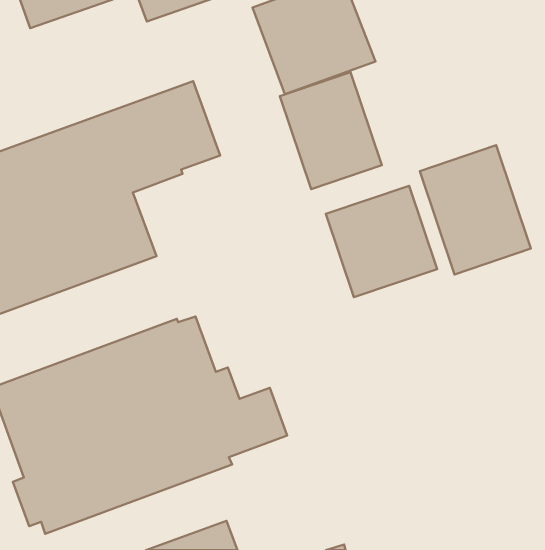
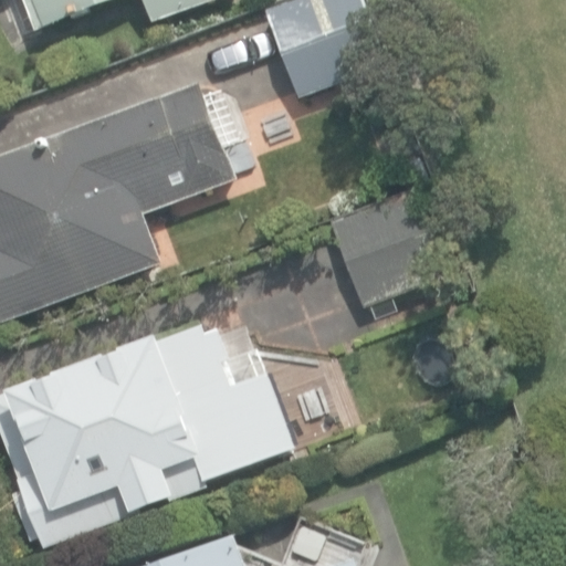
building: [280,72,382,189] -> none
building: [420,145,531,274] -> none

